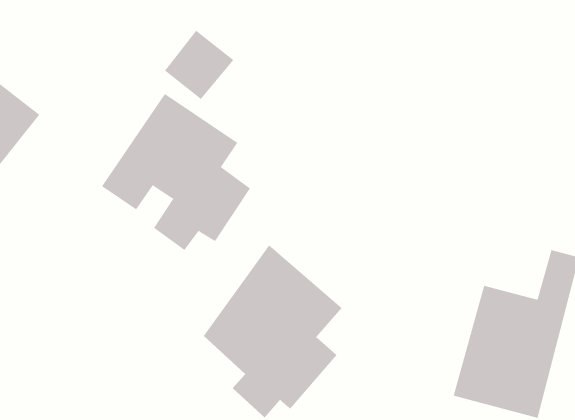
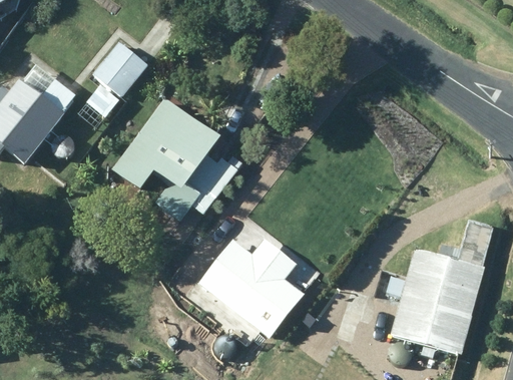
building: [164,30,234,100] -> [92,41,147,96]

